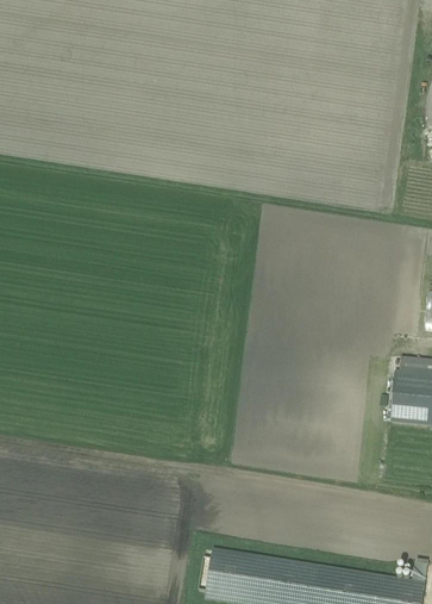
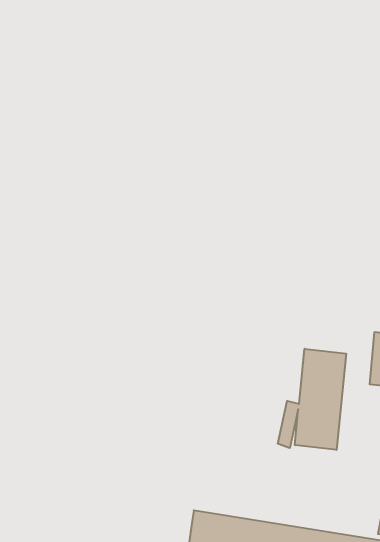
building: none -> [278,349,346,450]

